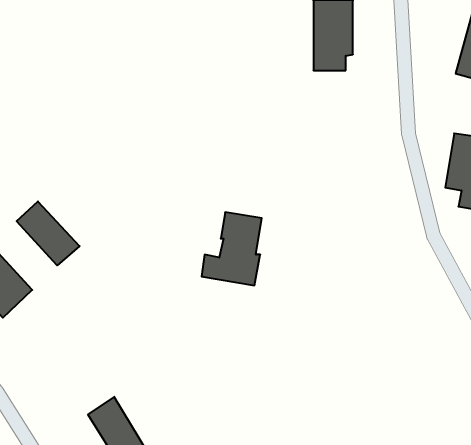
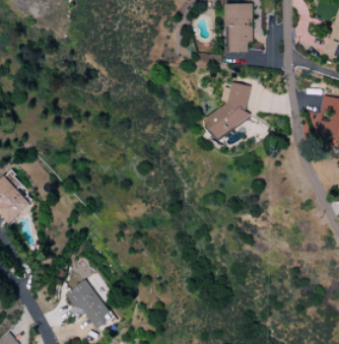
building: [17,201,80,265] -> none
building: [202,212,262,285] -> [208,83,250,134]

